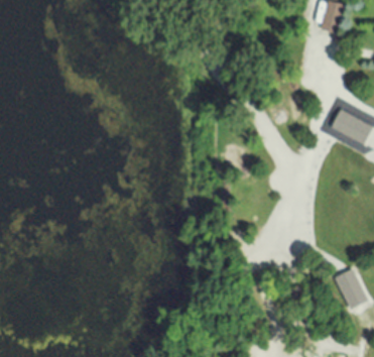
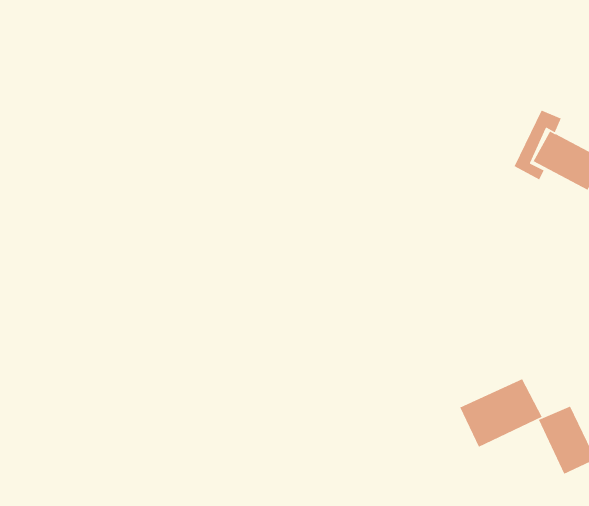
building: none -> [459,378,543,448]

